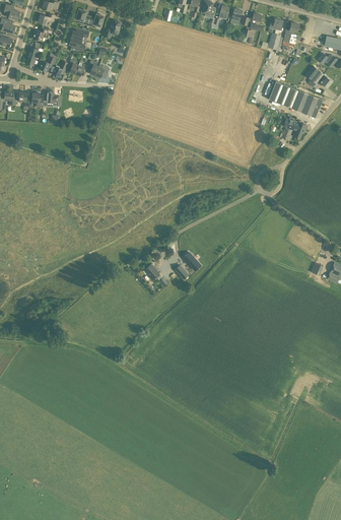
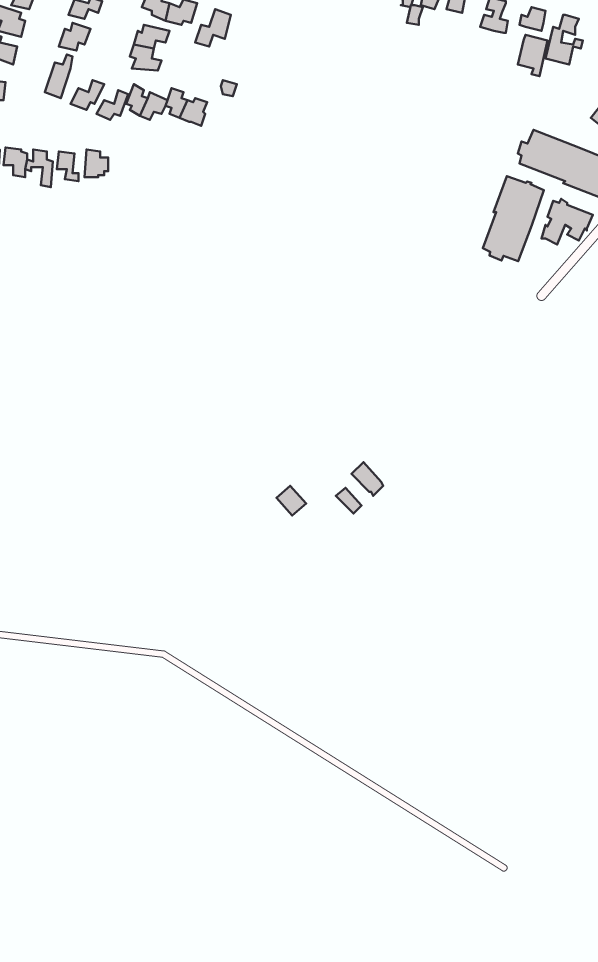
building: none -> [483,176,544,261]

